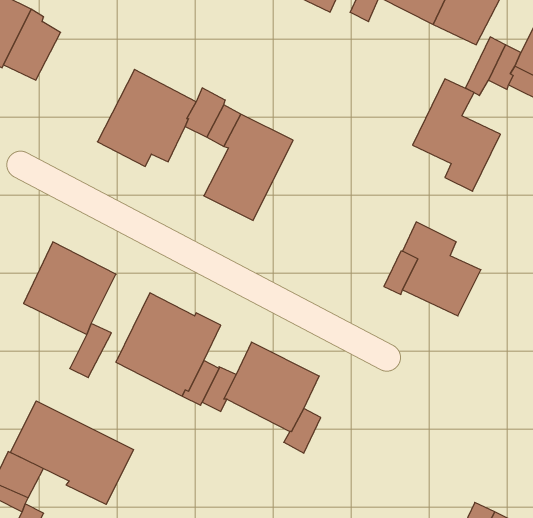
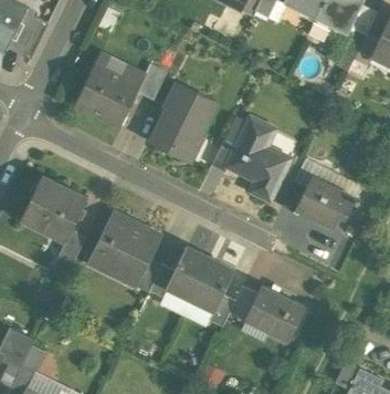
building: [413,79,500,191] -> [226,118,289,199]
building: none -> [244,284,306,342]
building: [11,401,134,504] -> none

